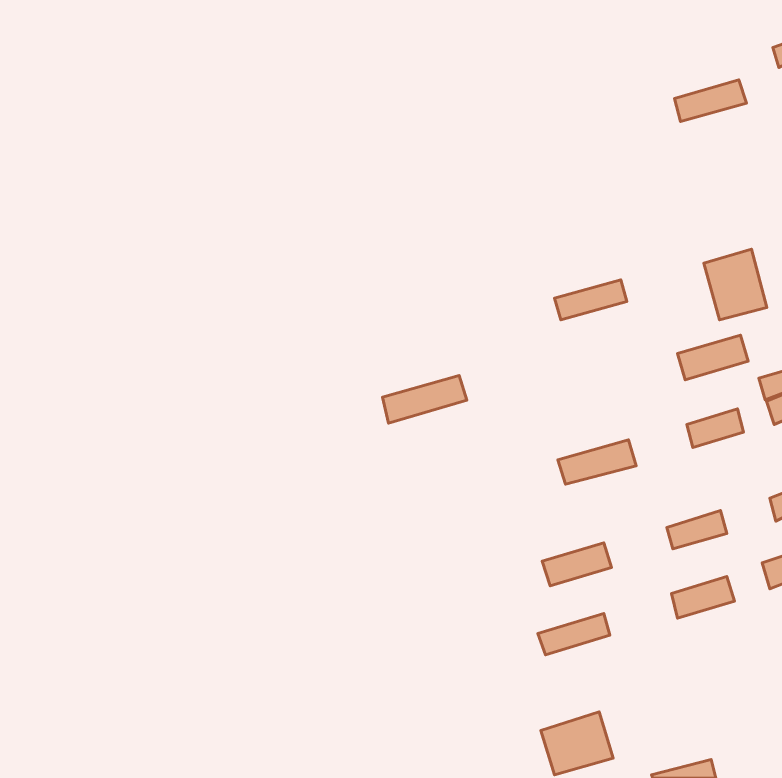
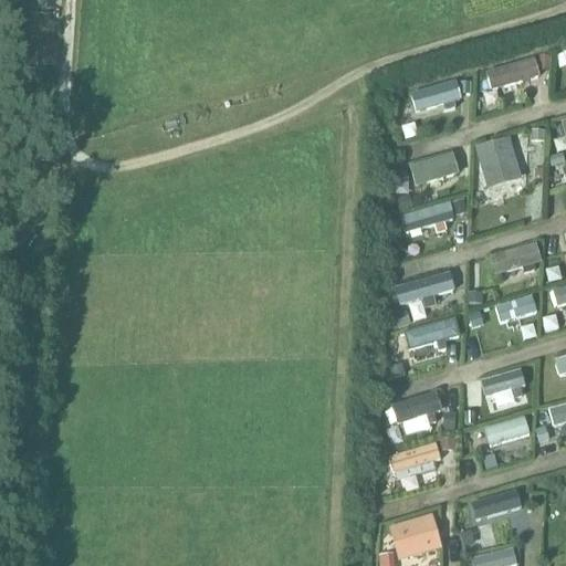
building: none -> [411,80,461,109]
building: none -> [409,151,458,185]
building: [704,249,767,320] -> [476,135,522,186]
building: [382,376,467,423] -> [394,271,454,305]
building: none -> [473,489,523,518]

